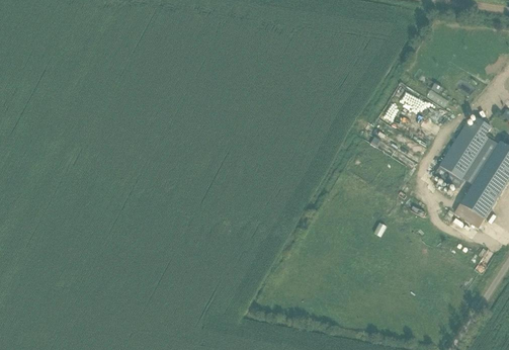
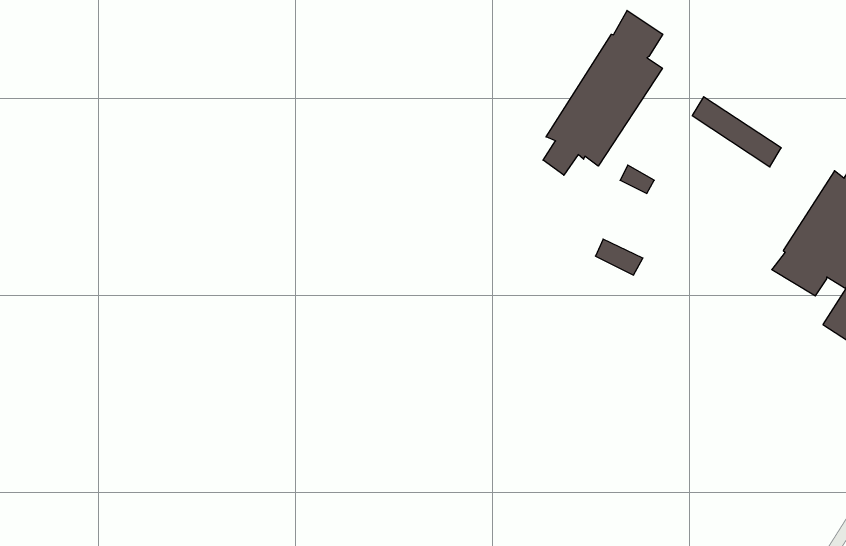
building: none -> [543,10,663,175]

